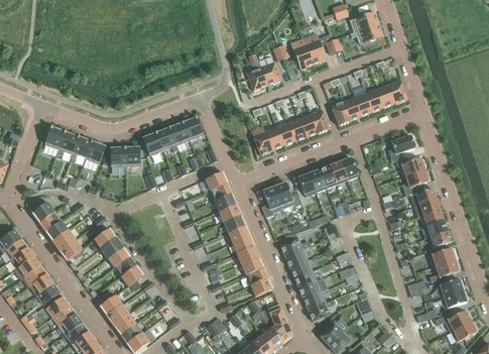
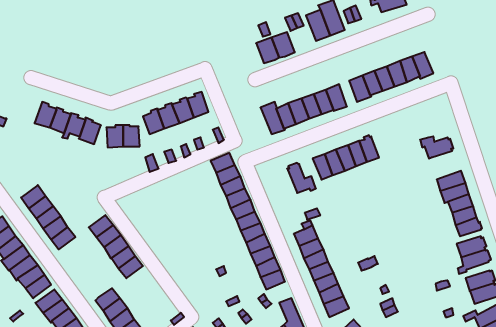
building: [388,134,416,161] -> none
building: [401,169,430,195] -> none
building: [261,185,283,217] -> none

